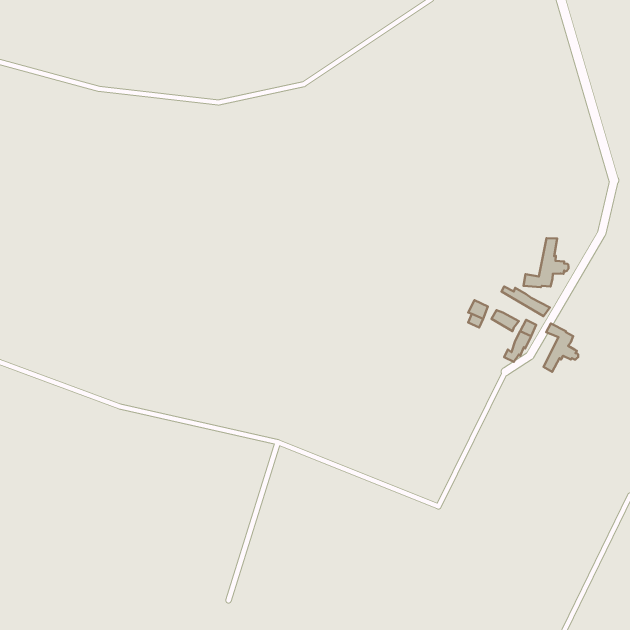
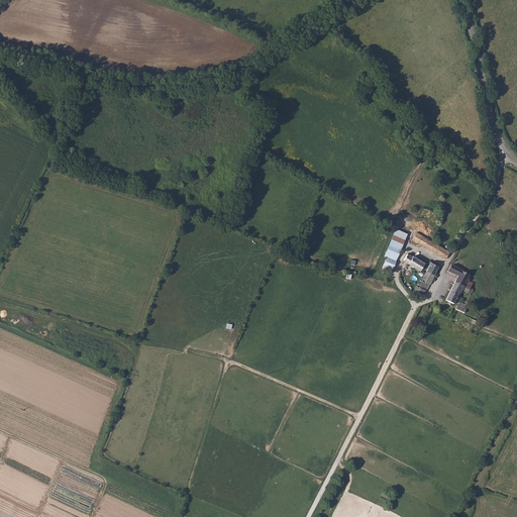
building: [524,238,569,287] -> none

